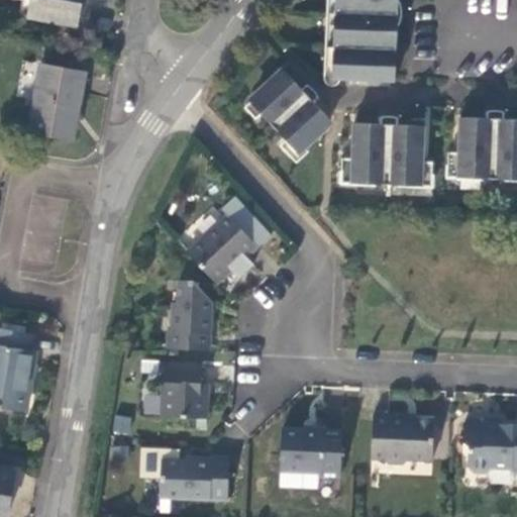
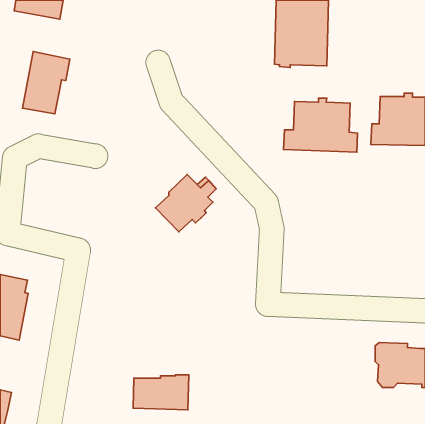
building: [251,73,331,152] -> none
building: [168,281,212,350] -> none
building: [162,364,208,419] -> none
building: [374,413,435,462] -> none
building: [282,430,342,478] -> none

